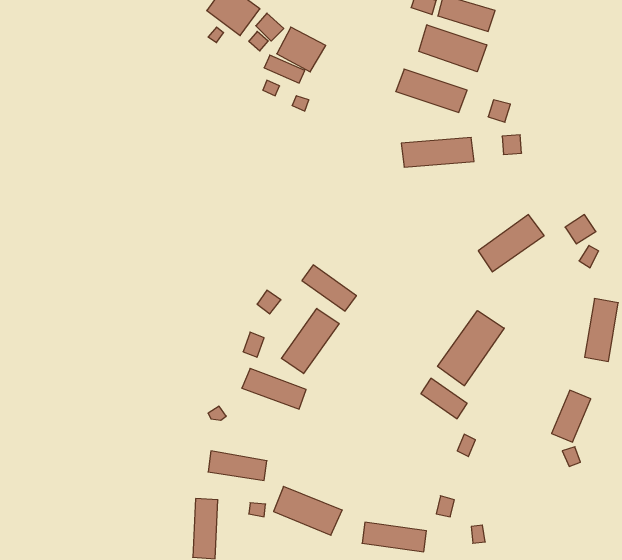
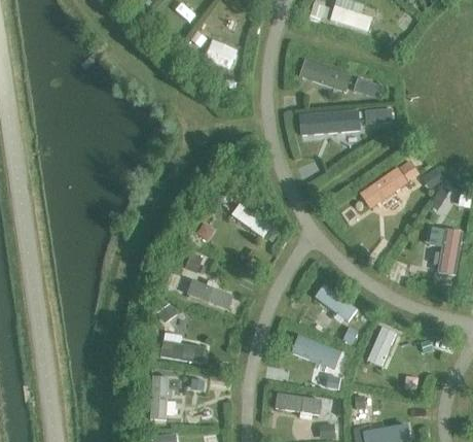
building: [419,25,487,72] -> none
building: [281,308,339,374] -> none
building: [438,311,504,386] -> none
building: [552,390,591,442] -> [367,327,396,365]
building: [274,486,342,535] -> [290,334,340,370]

